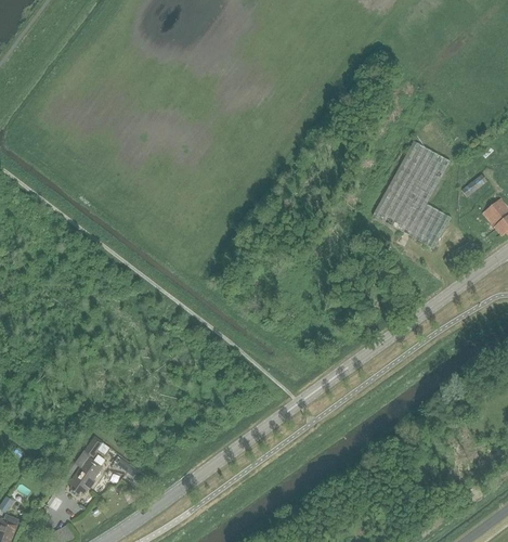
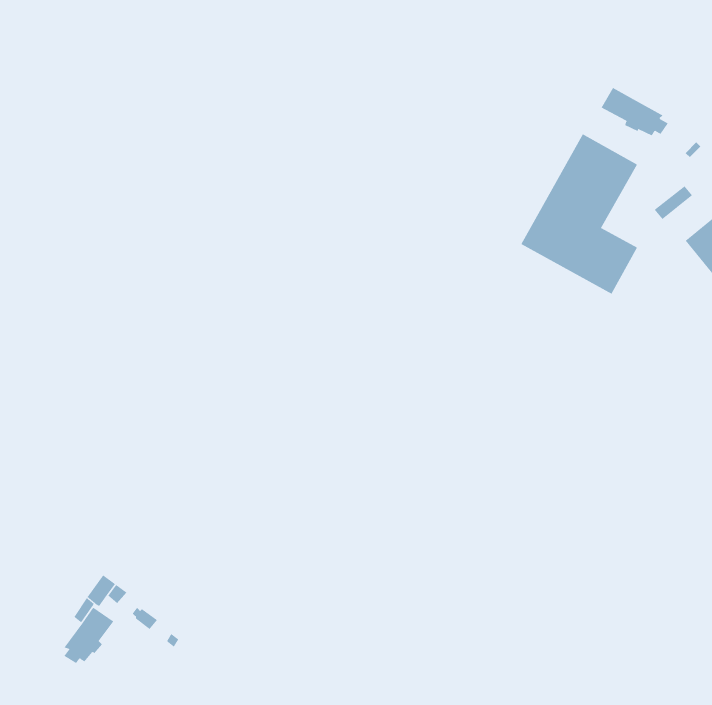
building: none -> [601,87,669,136]

